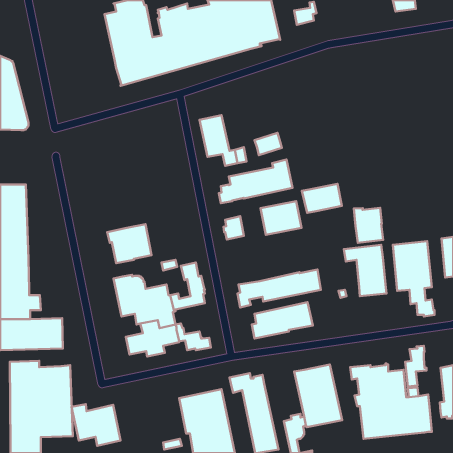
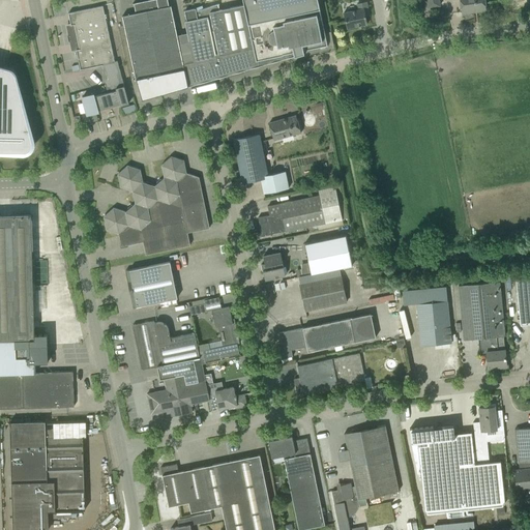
building: none -> [66,6,128,115]
building: [254,133,282,155] -> [269,115,301,141]
building: none -> [105,157,209,255]
building: [302,184,342,213] -> [299,276,346,311]
building: [354,208,383,243] -> none
building: [72,404,120,446] -> [160,464,217,512]

